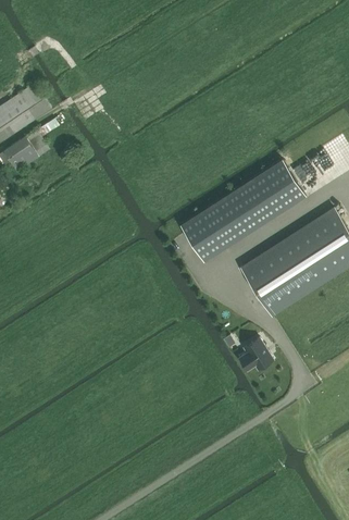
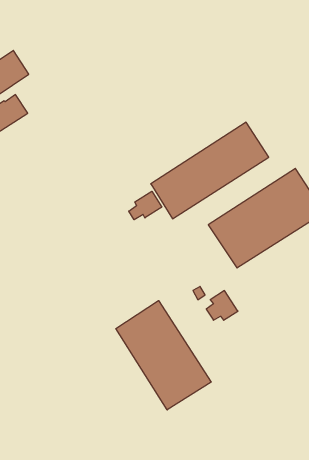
building: none -> [129,191,162,220]
building: none -> [116,301,211,410]

